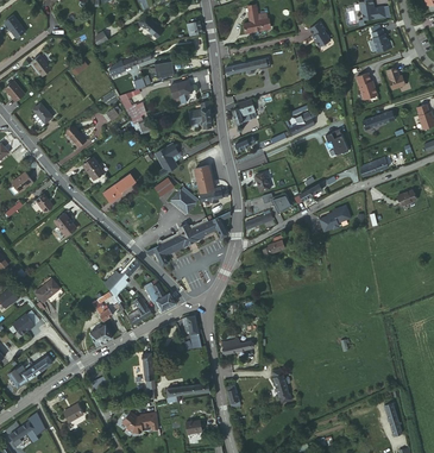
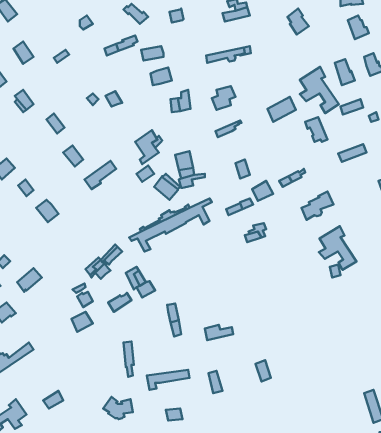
building: none -> [300,67,339,113]
building: none -> [319,226,356,270]

